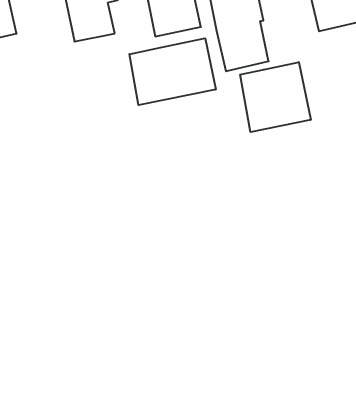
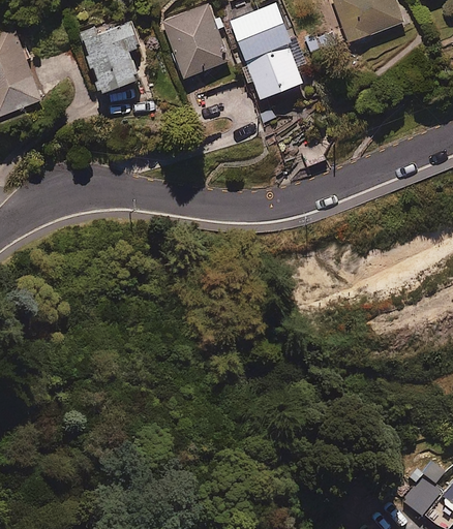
building: [129,38,216,105] -> none
building: [240,62,311,132] -> none

